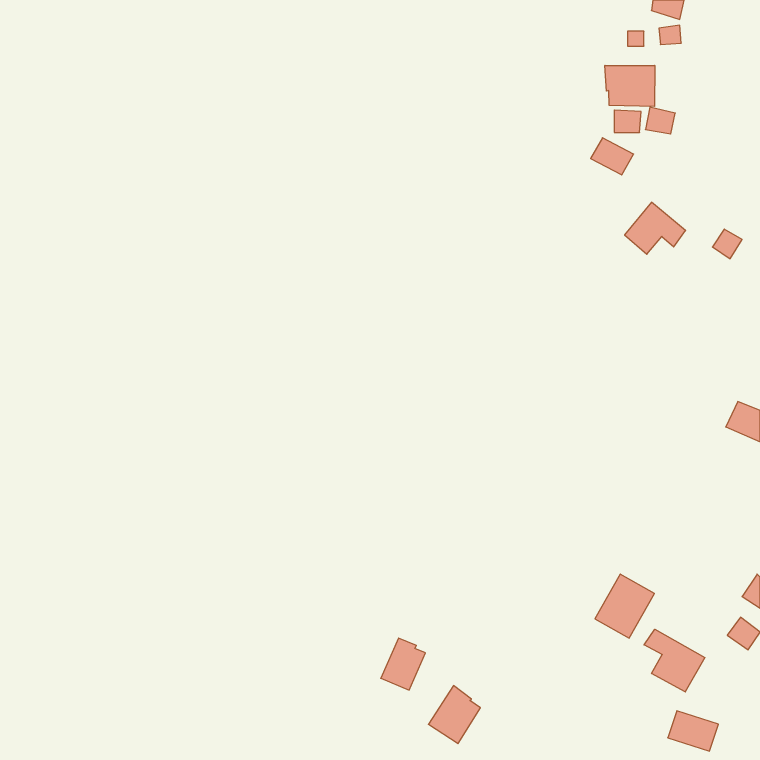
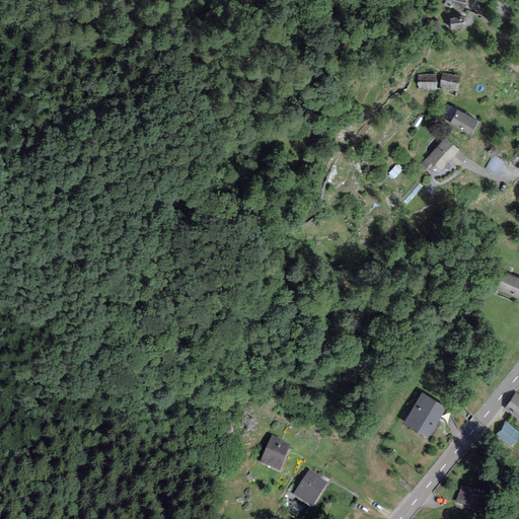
building: [605,65,655,106] -> none
building: [591,138,634,175] -> [449,110,478,136]
building: [644,629,705,692] -> none

